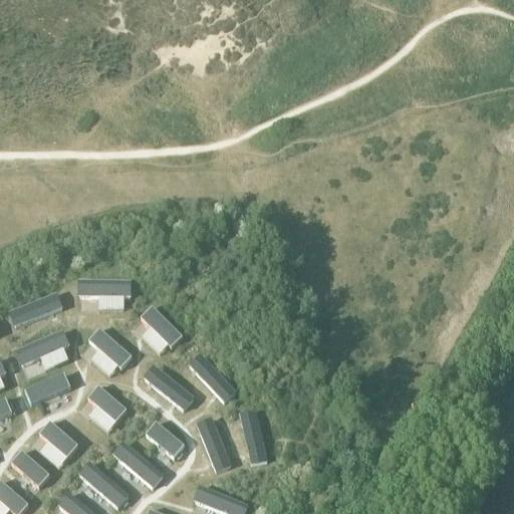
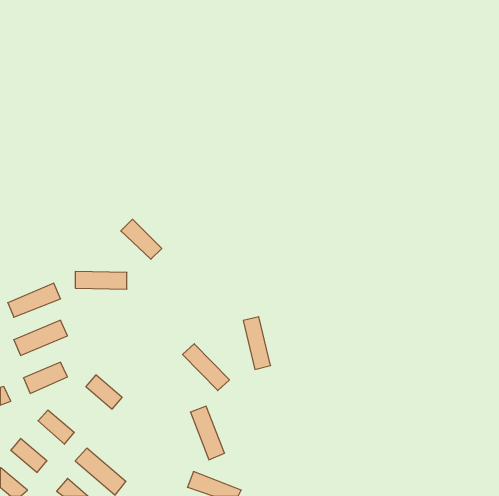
building: [140,305,182,346] -> [121,219,162,259]
building: [88,329,131,368] -> none
building: [143,364,193,410] -> none
building: [239,410,267,464] -> [243,317,271,369]
building: [145,422,183,457] -> none
building: [113,441,164,487] -> none

